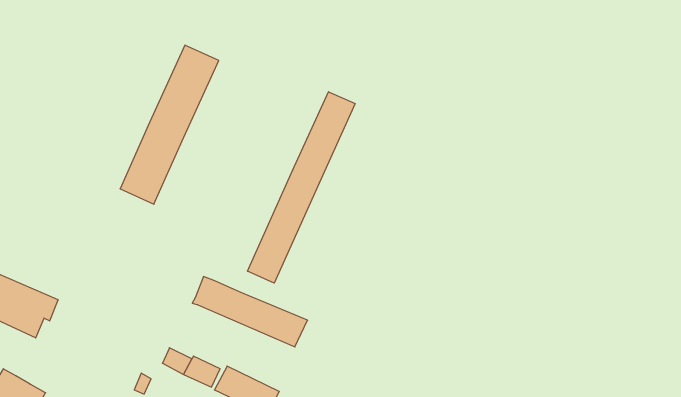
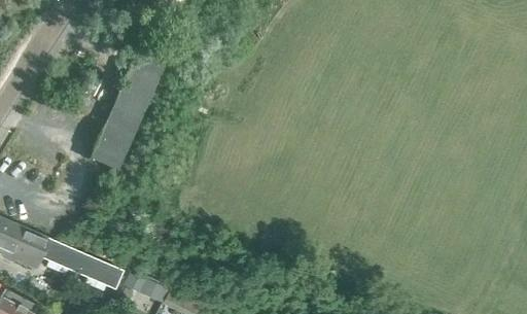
building: [248,92,355,283] -> none
building: [192,277,308,347] -> [40,238,125,289]

